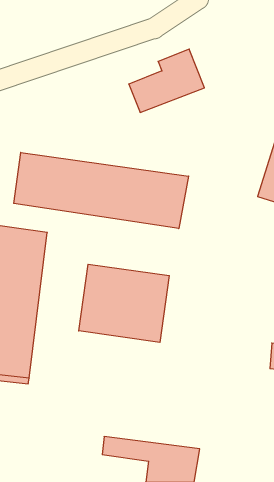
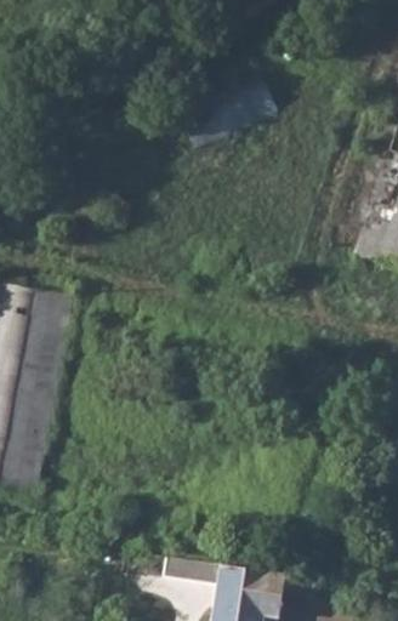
building: [14,152,189,229] -> none
building: [79,264,169,342] -> none

